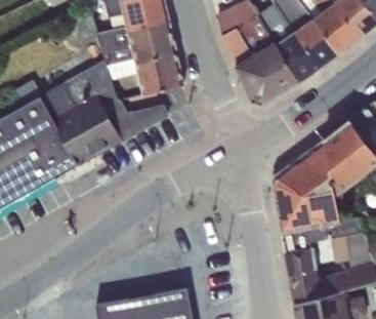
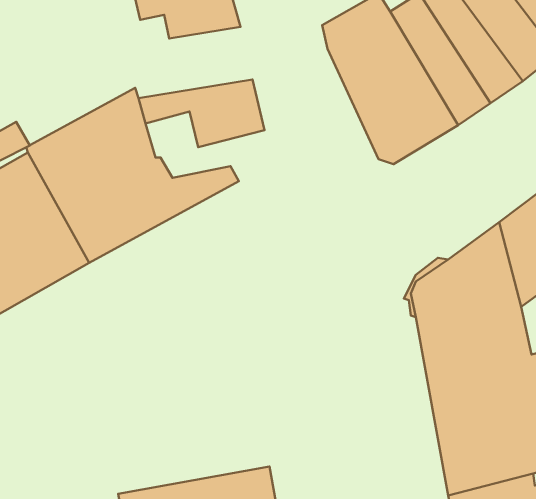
building: [97,22,176,65] -> none

